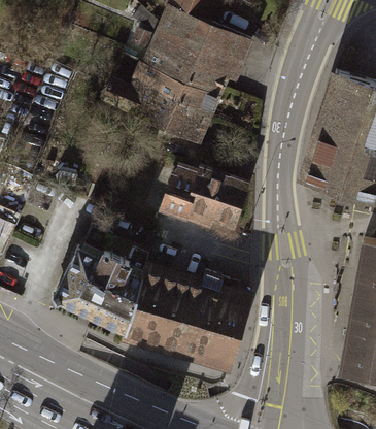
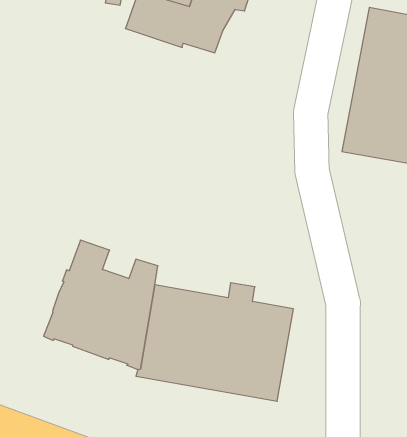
building: [103,65,211,142] -> none
building: [161,171,246,228] -> none

